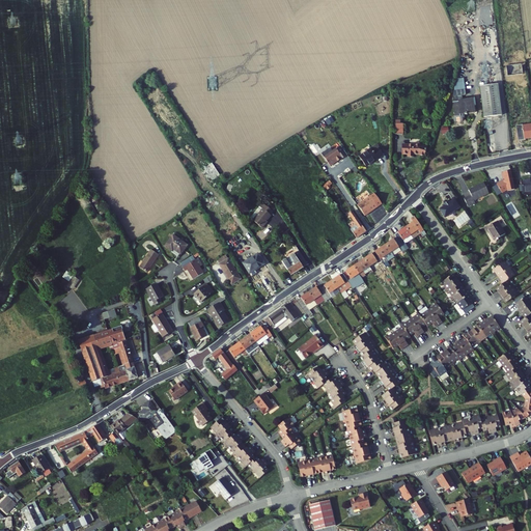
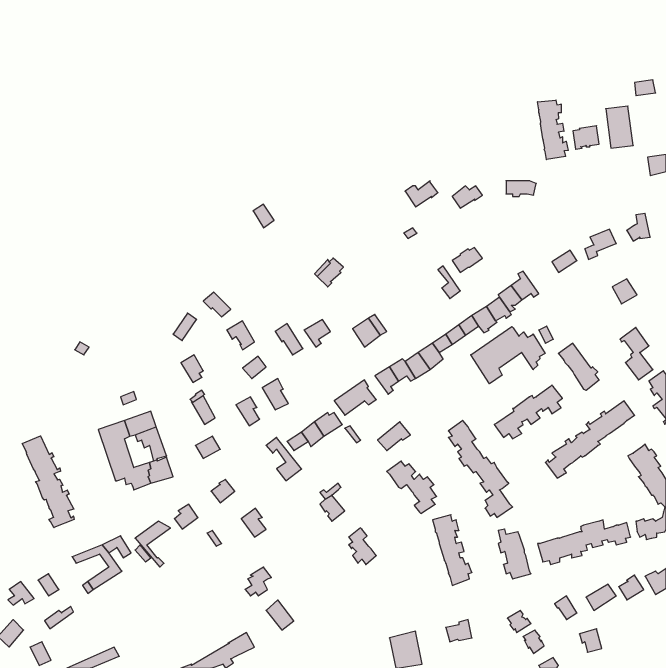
building: none -> [538,100,568,160]
building: none -> [471,327,545,384]
building: none -> [22,436,74,528]
building: [211,417,269,479] -> none
building: [296,452,333,477] -> none

